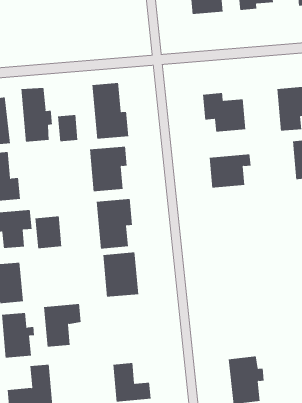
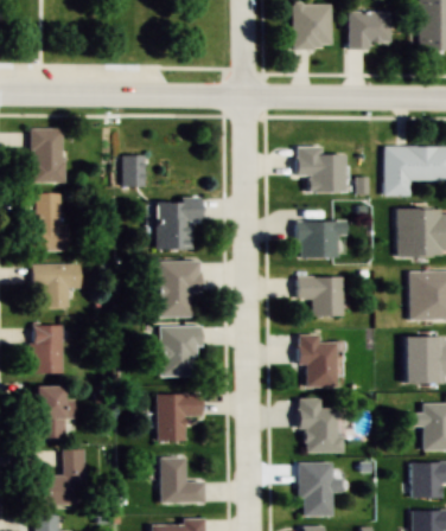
building: [92,82,129,140] -> none
building: [21,87,53,142] -> none
building: none -> [298,276,344,316]
building: [35,216,62,249] -> none
building: none -> [298,334,337,386]
building: none -> [299,397,340,452]
building: [43,303,82,347] -> [158,392,202,441]

